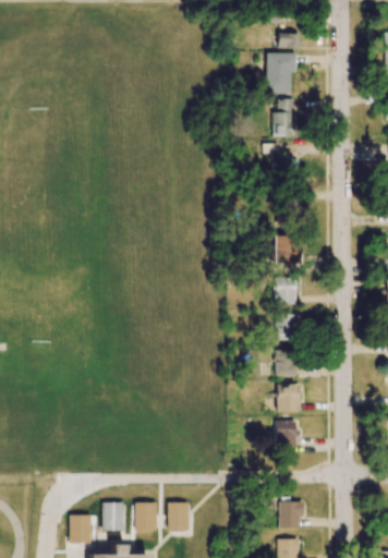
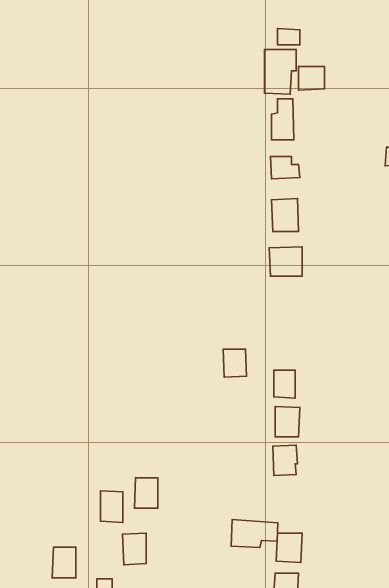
building: none -> [298,67,324,90]
building: [274,280,295,305] -> none
building: [276,314,298,340] -> [223,349,247,377]
building: none -> [231,519,278,547]
building: [104,501,124,531] -> [100,491,123,522]
building: [168,502,190,531] -> [134,478,158,508]

